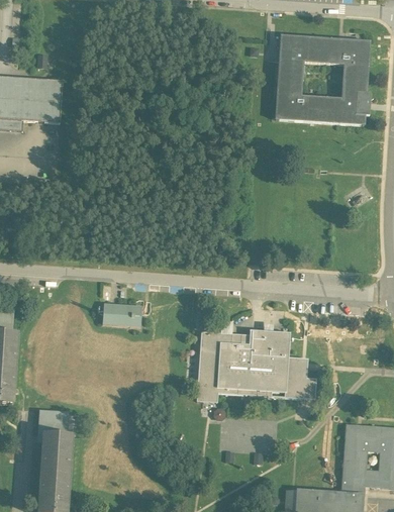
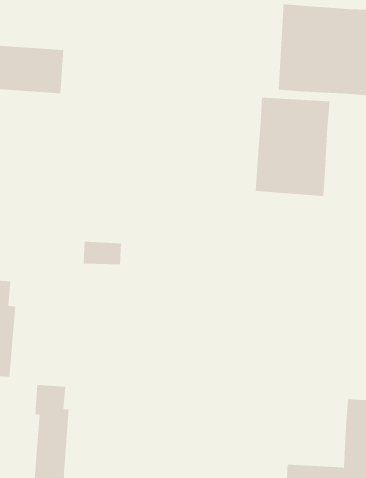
building: none -> [255,97,330,197]
building: [104,303,142,326] -> [83,241,122,265]
building: [197,330,316,402] -> none

